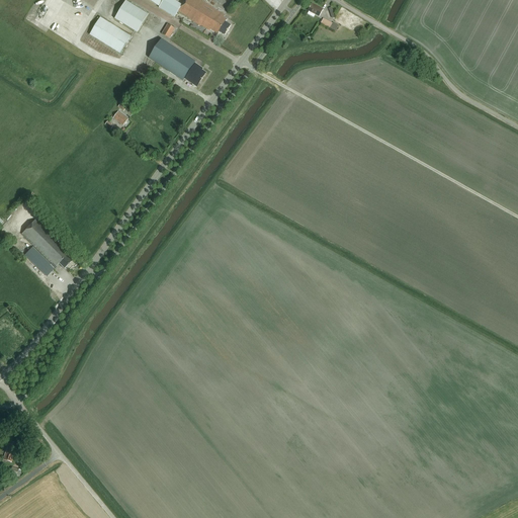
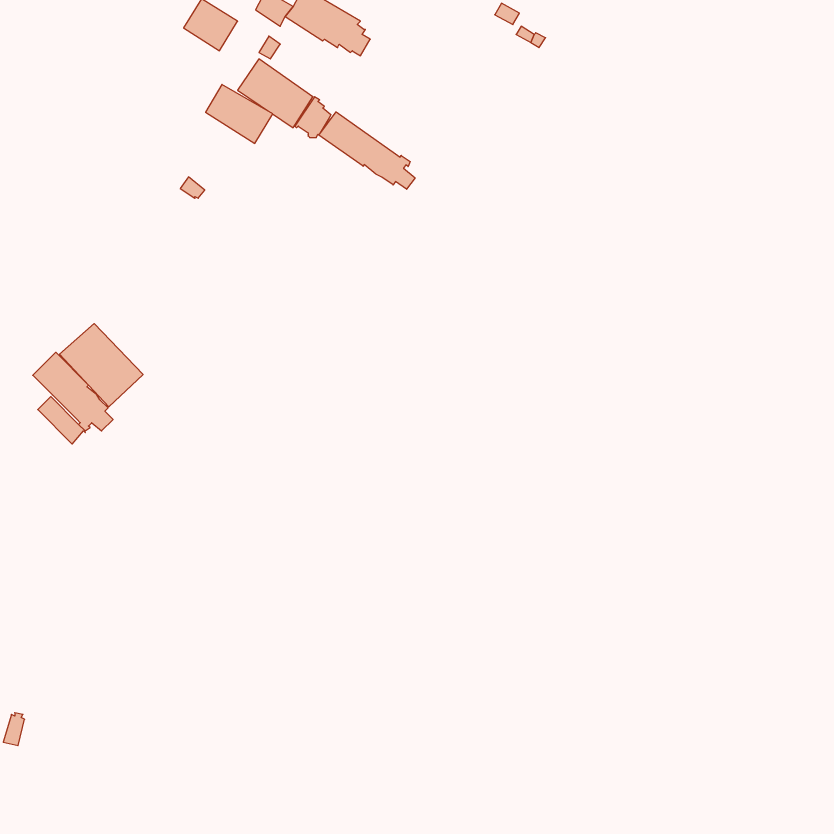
building: [88,16,130,53] -> [206,84,273,143]
building: none -> [319,112,415,189]
building: none -> [60,324,143,407]

